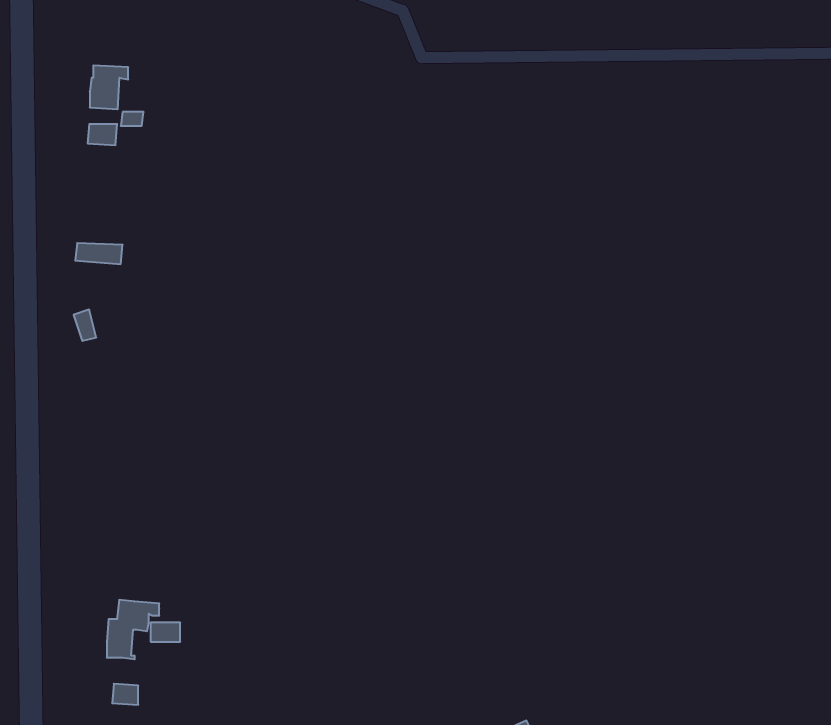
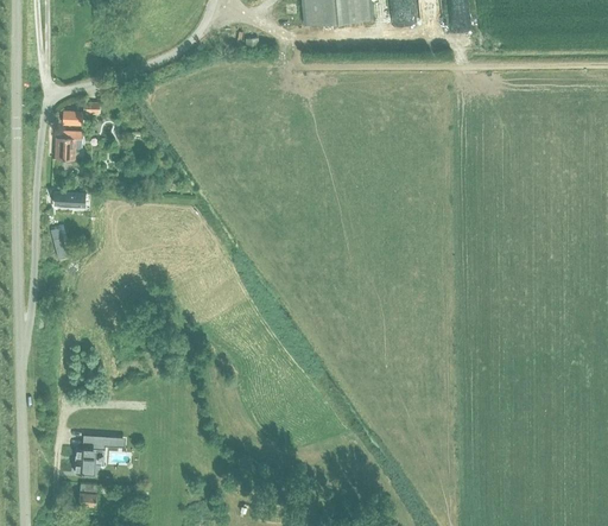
building: [90,65,128,109] -> [56,129,82,159]

